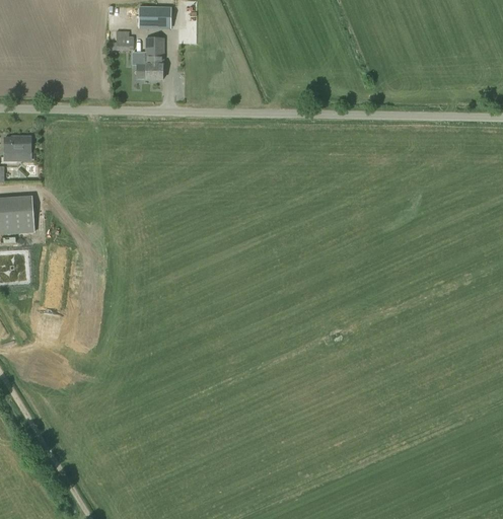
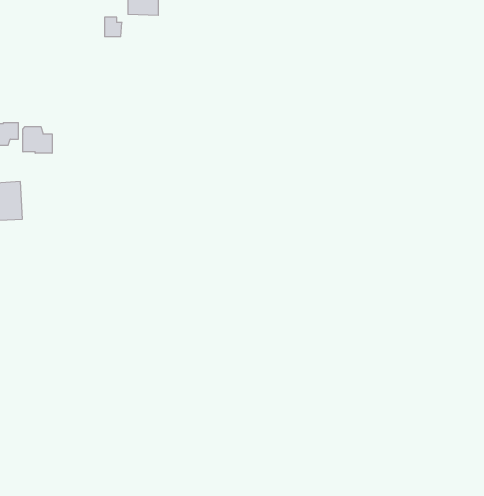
building: [137,38,163,79] -> none
building: none -> [23,127,52,153]

